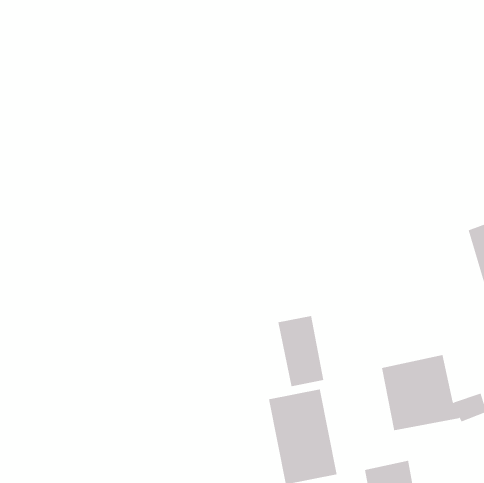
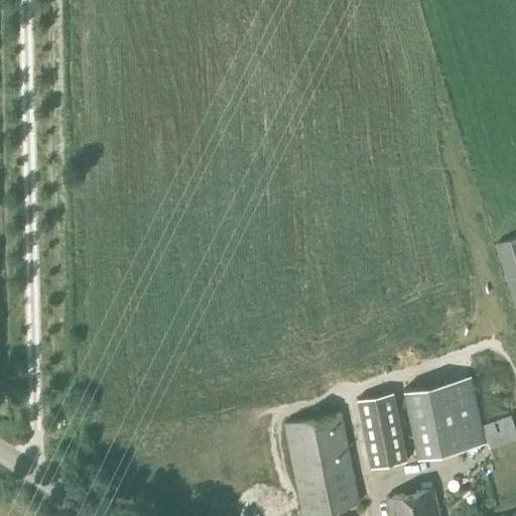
building: [277,315,324,387] -> [359,395,408,471]

